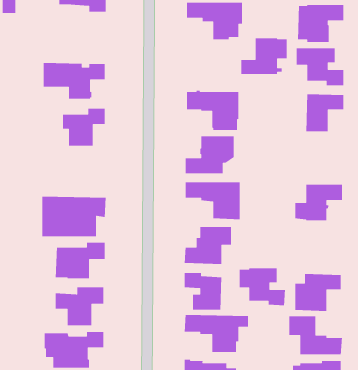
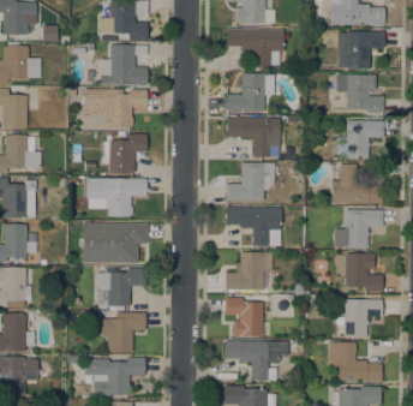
building: none -> [101,44,148,85]
building: [240,37,287,75] -> [227,73,274,111]
building: none -> [331,165,383,203]
building: none -> [86,178,146,216]
building: [239,268,286,306] -> [336,253,383,292]

